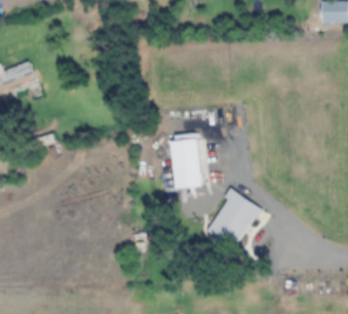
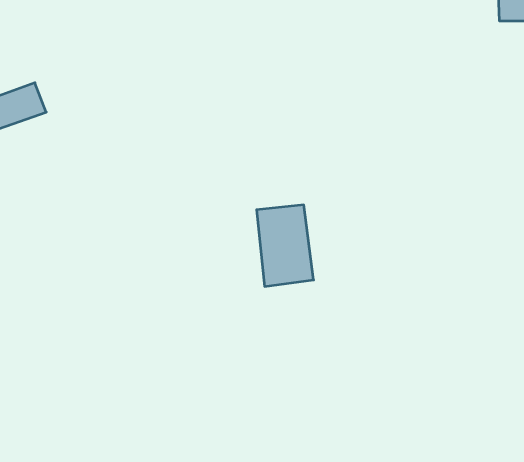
building: [208,197,257,246] -> none

